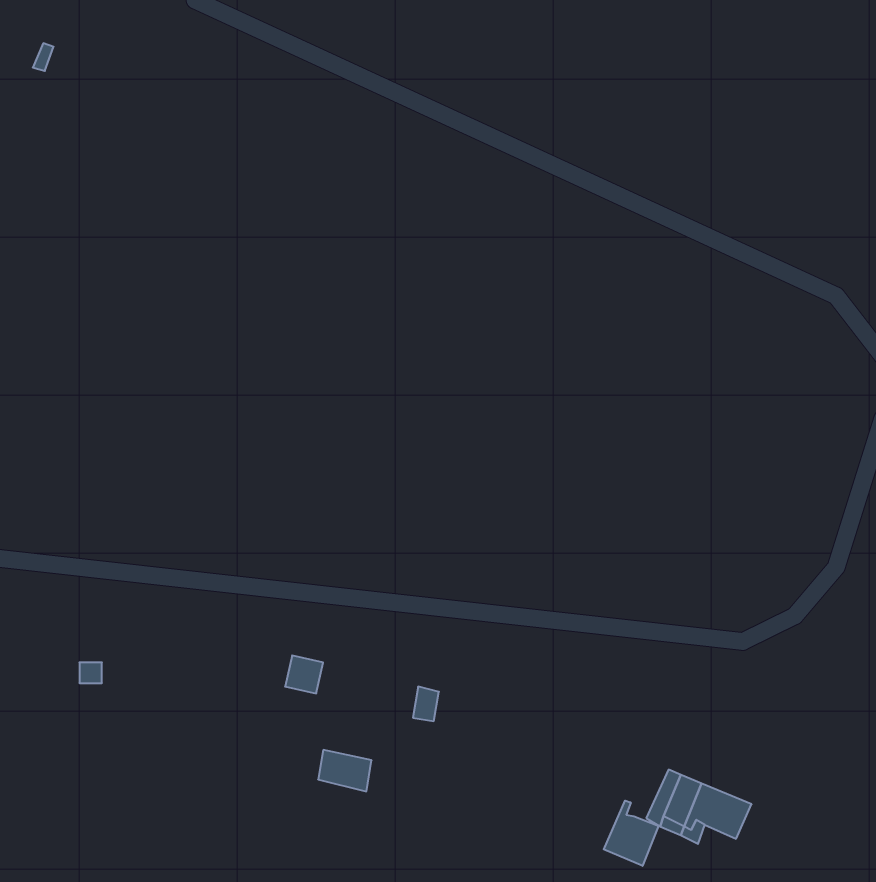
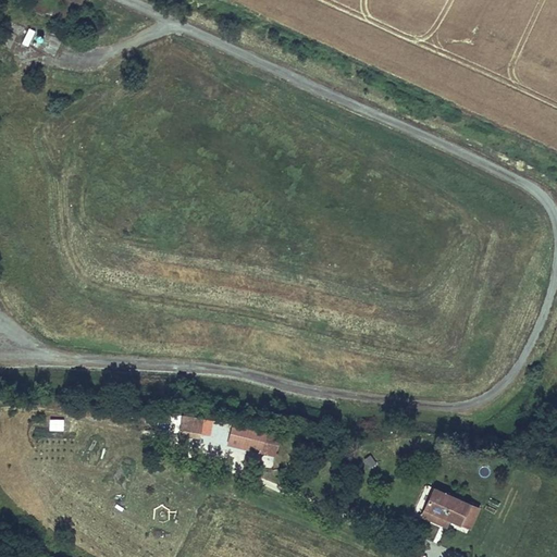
building: [318,750,372,791] -> [234,426,268,453]
building: [604,801,659,866] -> none

